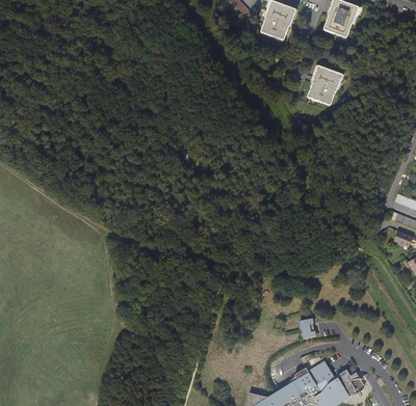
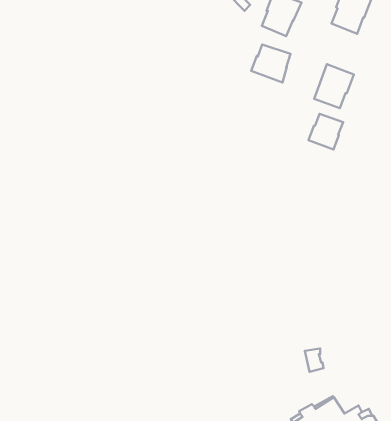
building: none -> [251,44,290,82]
building: none -> [308,114,343,149]

